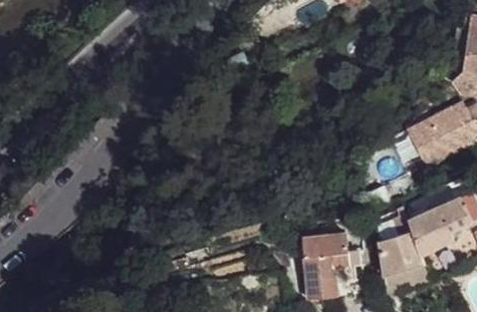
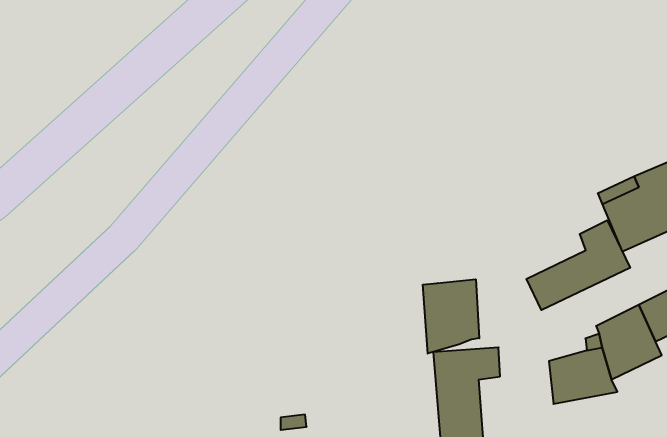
building: none -> [526,220,630,310]
building: none -> [423,279,479,354]

